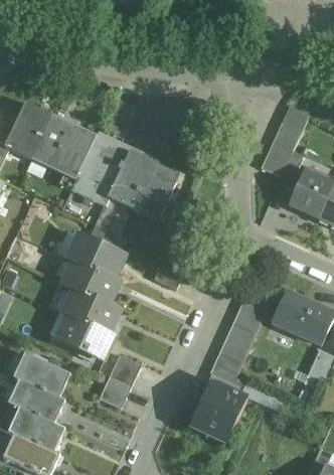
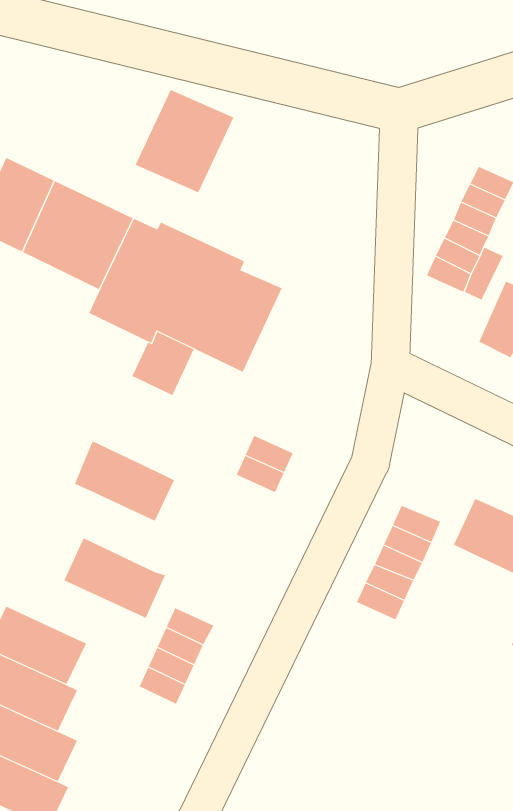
building: none -> [135,89,234,193]
building: [67,233,124,279] -> none
building: [62,289,119,333] -> none
building: [209,350,245,390] -> none
building: [190,381,246,442] -> none

